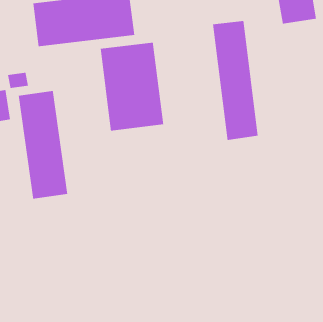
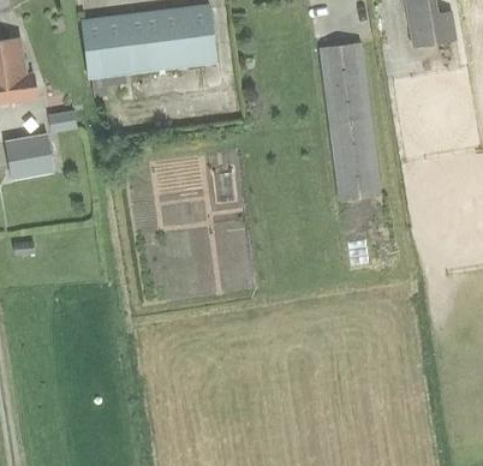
building: [100,42,164,131] -> none
building: [18,90,68,199] -> none

